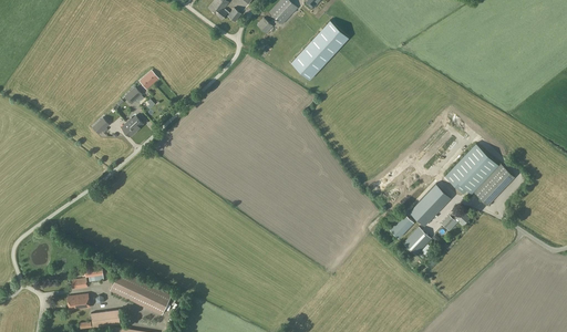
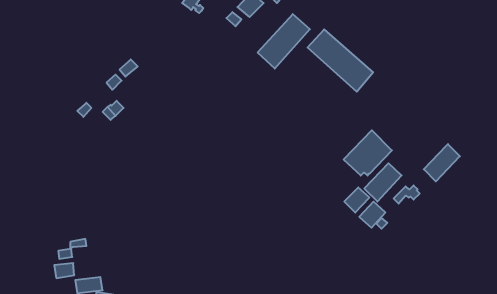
building: none -> [308,29,373,92]
building: [445,144,498,194] -> [344,130,392,176]
building: [110,270,172,314] -> none

